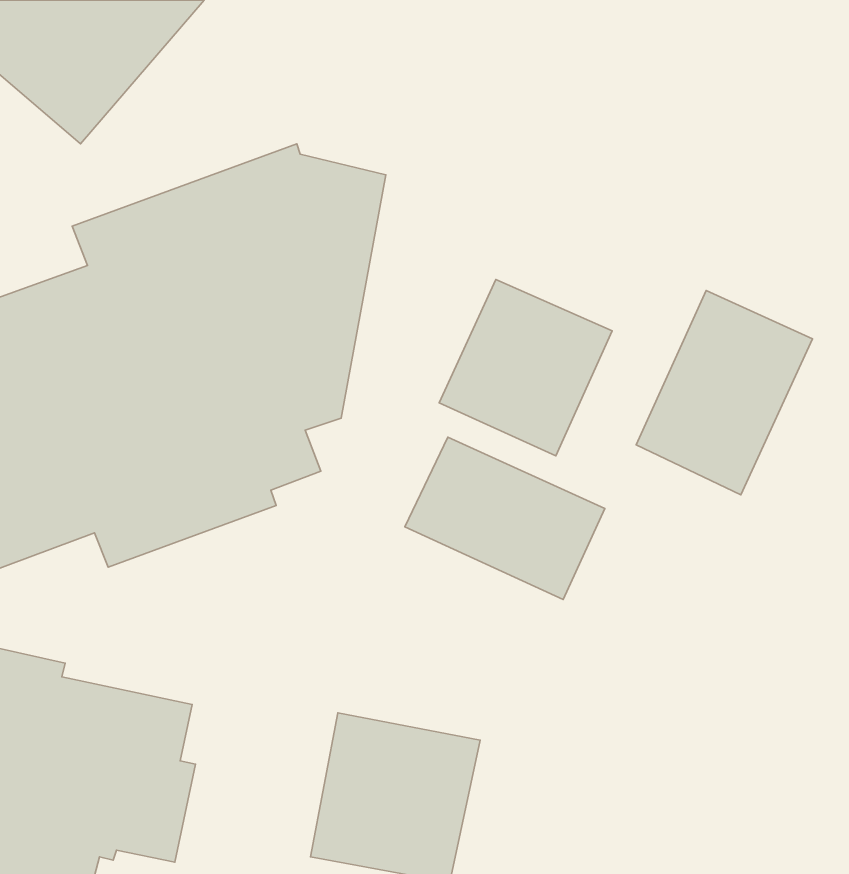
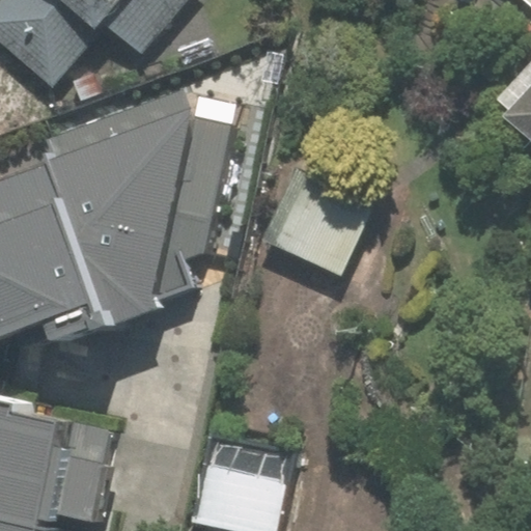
building: [636,290,812,495] -> none
building: [405,437,605,600] -> none

